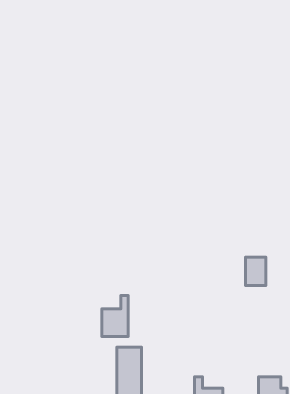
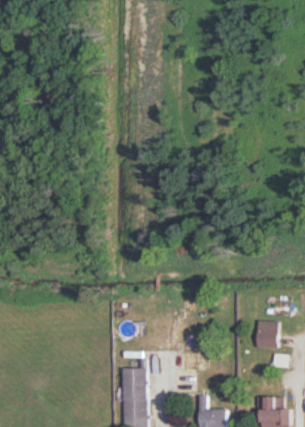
building: [245,257,266,286] -> [257,320,277,348]
building: [102,296,128,336] -> none

